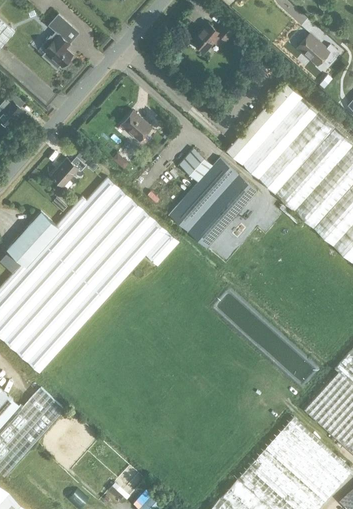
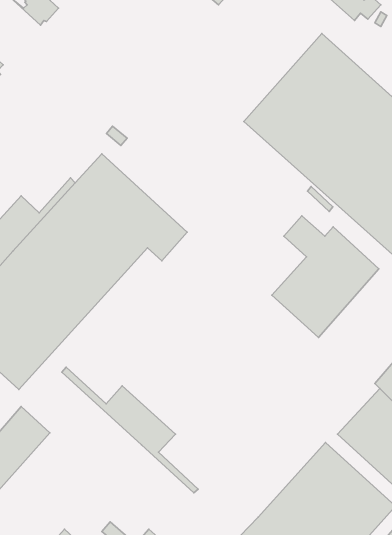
building: [122,112,152,141] -> none
building: [168,149,257,250] -> [272,216,379,337]
building: [51,158,86,188] -> none
building: none -> [62,367,198,493]

